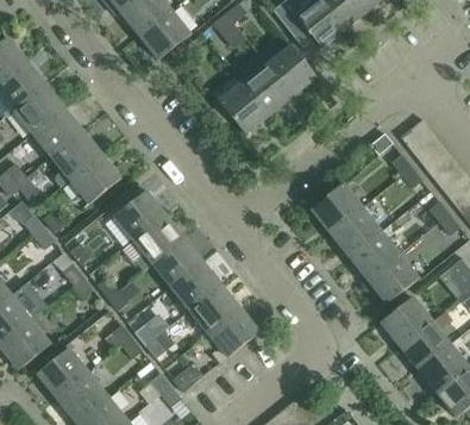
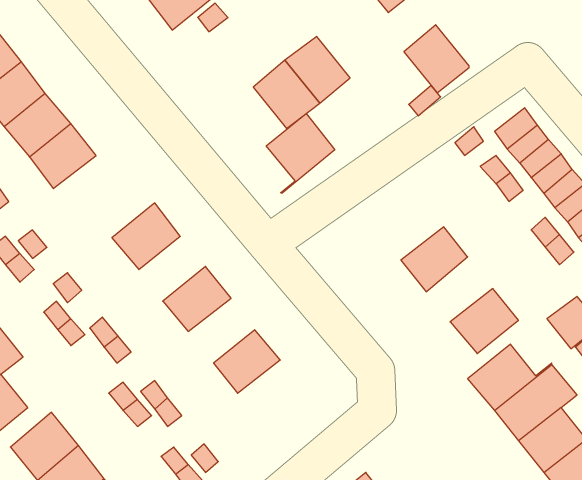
building: [267,45,315,96] -> [404,25,469,93]
building: none -> [266,113,335,193]
building: [69,155,120,204] -> none
building: [311,183,362,233] -> none
building: [133,215,183,264] -> none
building: [349,231,399,280] -> none
building: [170,262,220,311] -> none
building: [207,308,258,358] -> none

